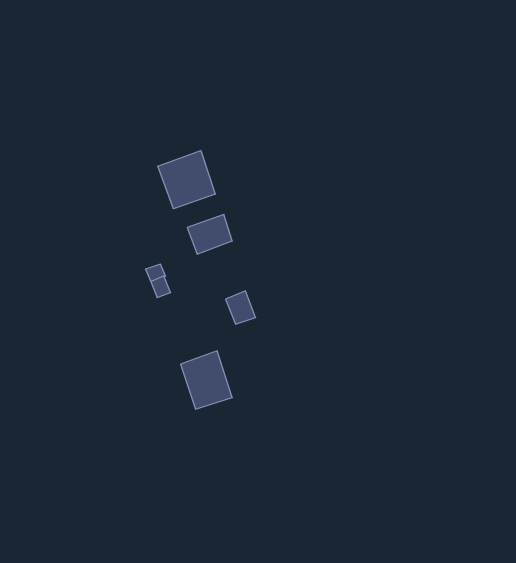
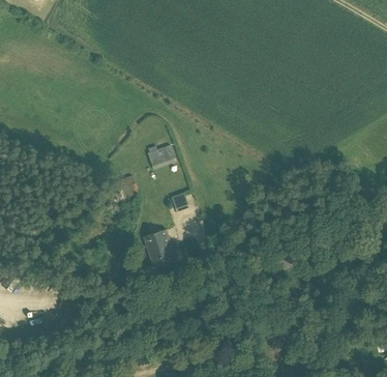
building: [158,151,215,209] -> none

